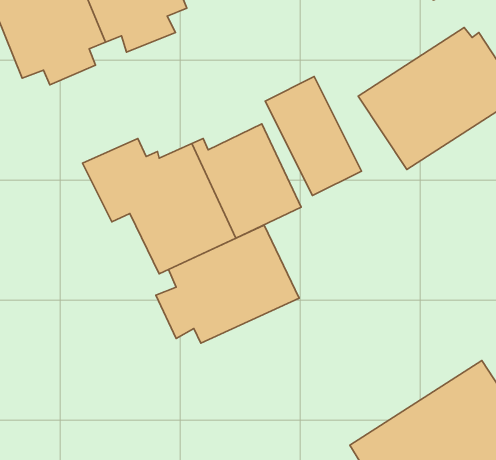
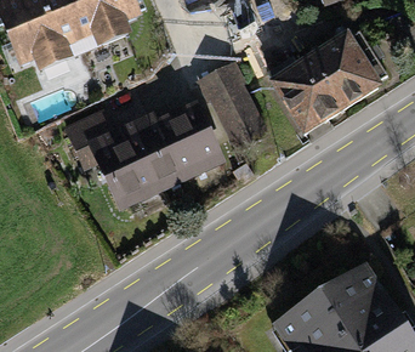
building: [156,225,299,343] -> none

